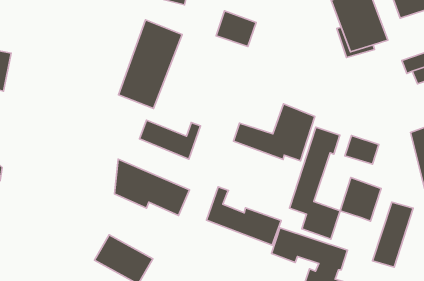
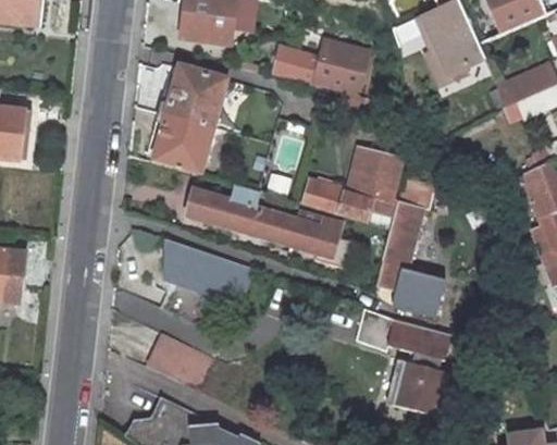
building: none -> [311,37,371,97]
building: [345,136,379,164] -> none
building: [340,178,381,221] -> none
building: [206,187,281,245] -> [250,188,343,255]
building: [373,202,413,267] -> none

